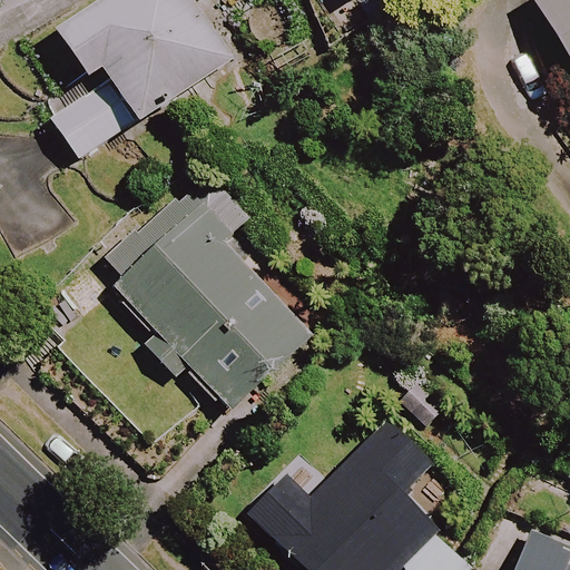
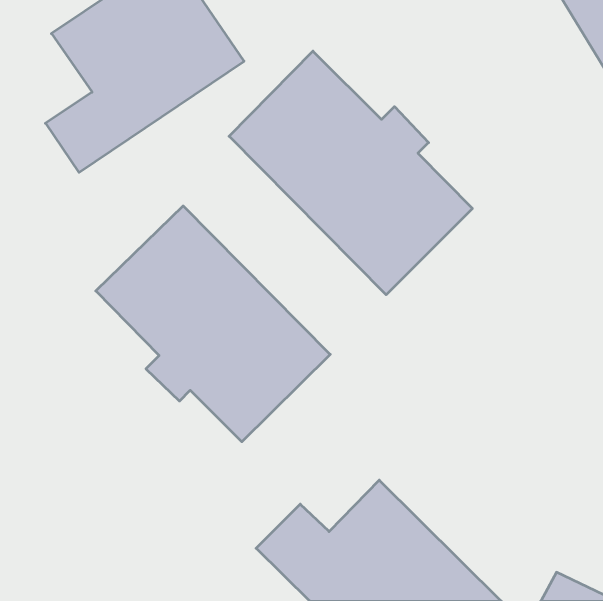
building: none -> [229,51,472,295]

